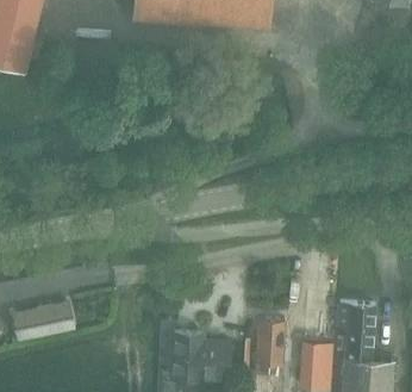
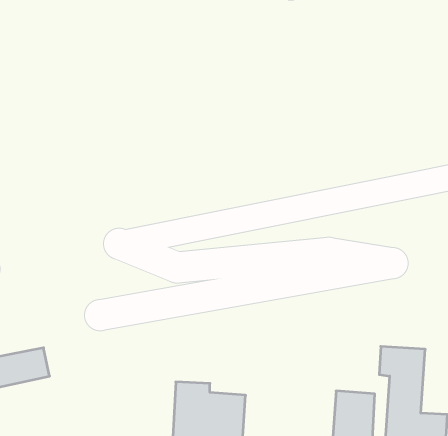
building: [256,318,285,366] -> none

